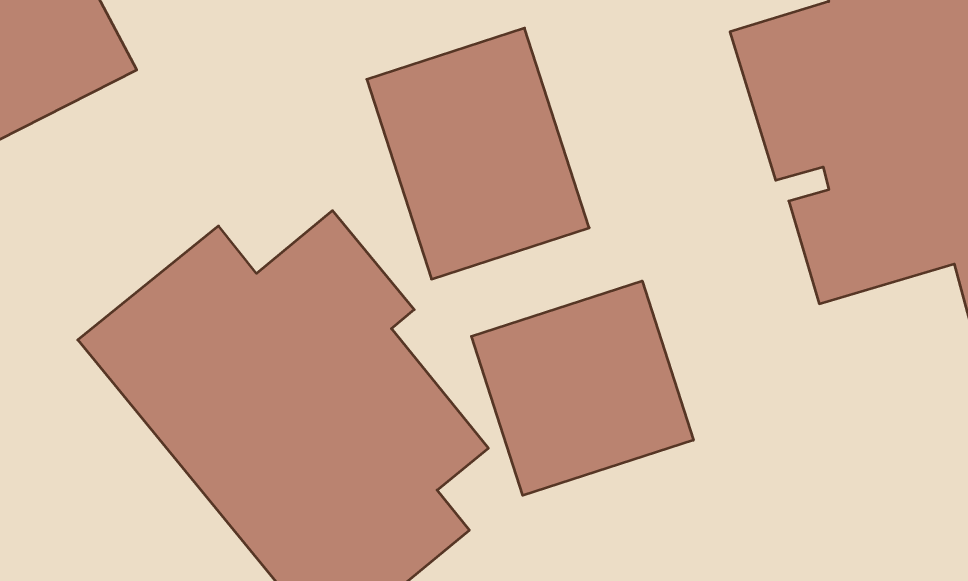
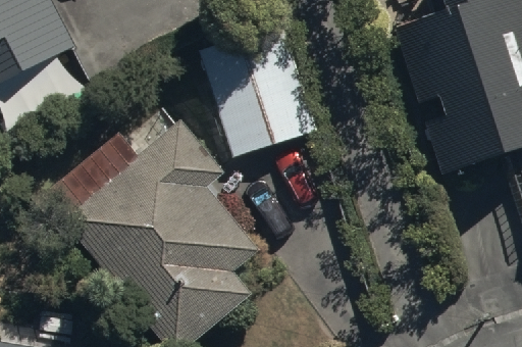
building: [471,281,693,495] -> none

